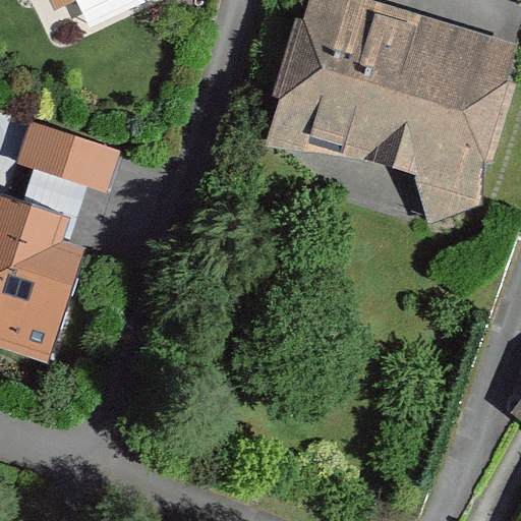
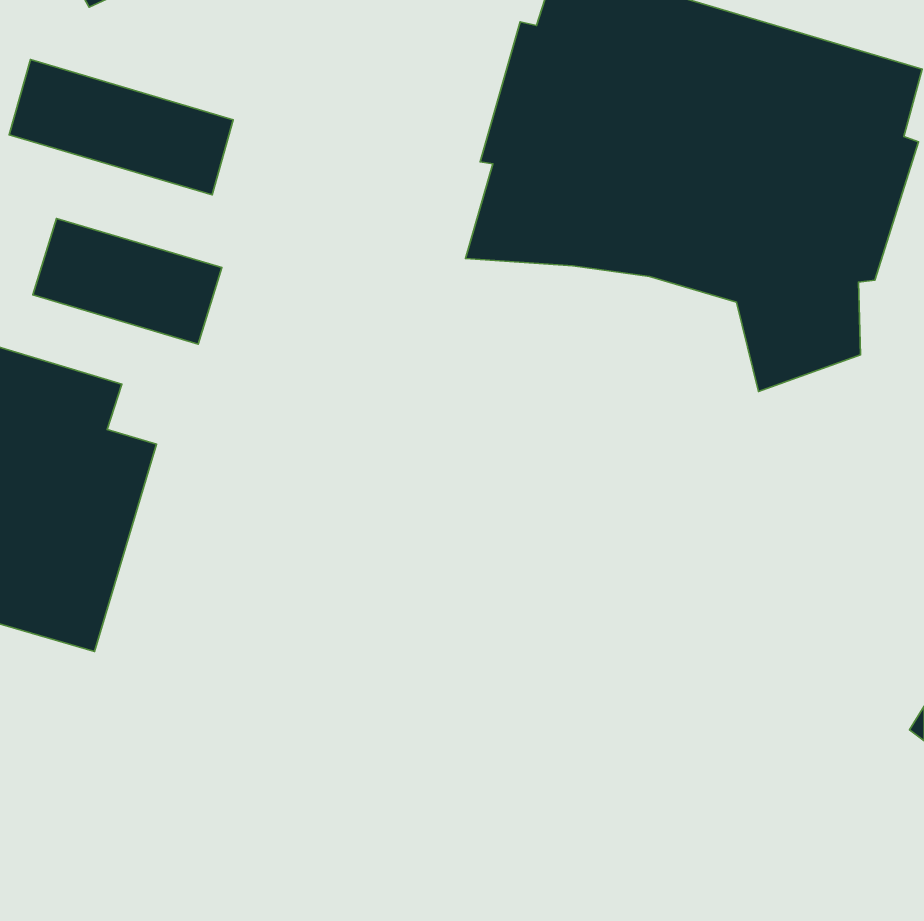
building: none -> [9,60,233,195]

